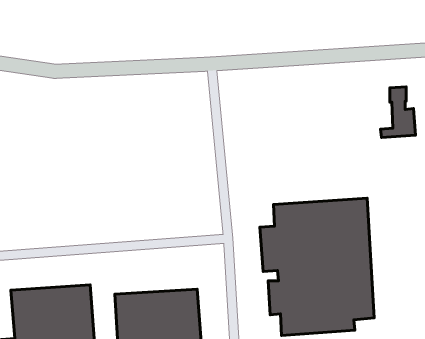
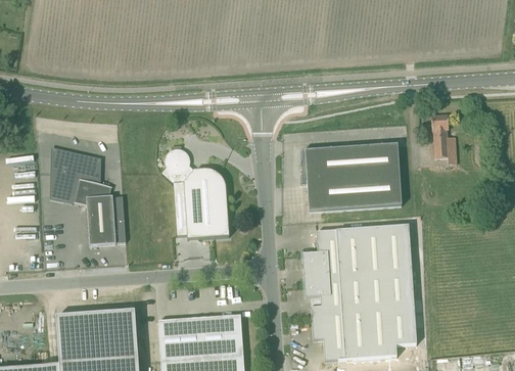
building: none -> [301,143,402,211]
building: none -> [160,147,229,237]
building: none -> [50,148,115,244]

